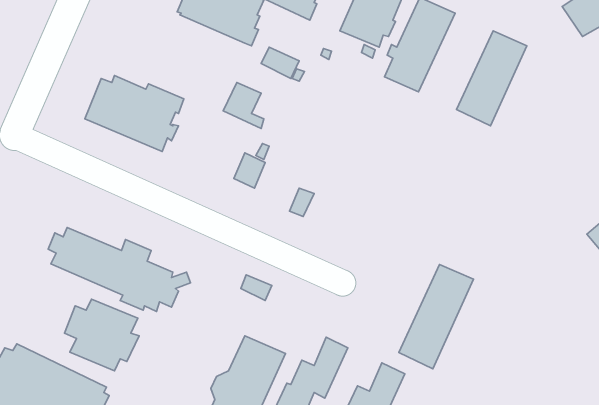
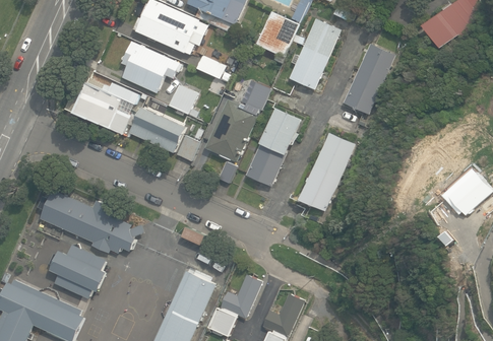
building: none -> [121,42,181,93]
building: none -> [205,86,267,161]
building: none -> [128,107,185,152]
building: none -> [245,107,300,185]
building: [399,264,473,369] -> [299,133,355,211]

